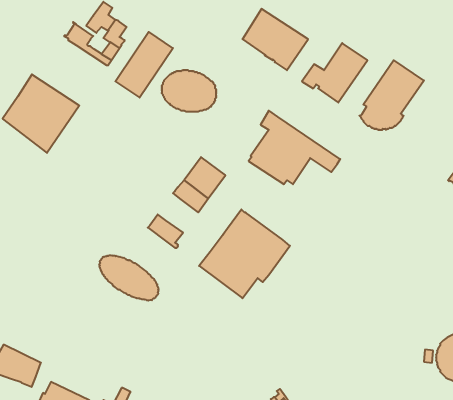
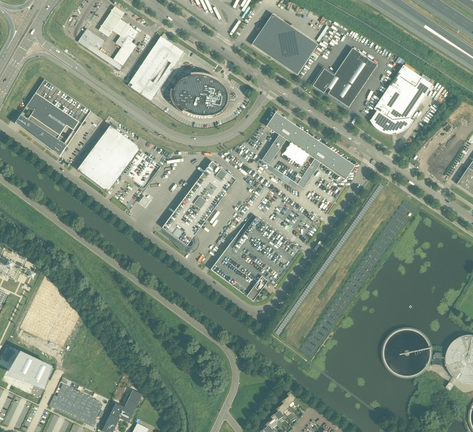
building: none -> [76,124,140,192]
building: none -> [168,196,208,235]
building: [99,255,159,301] -> none

